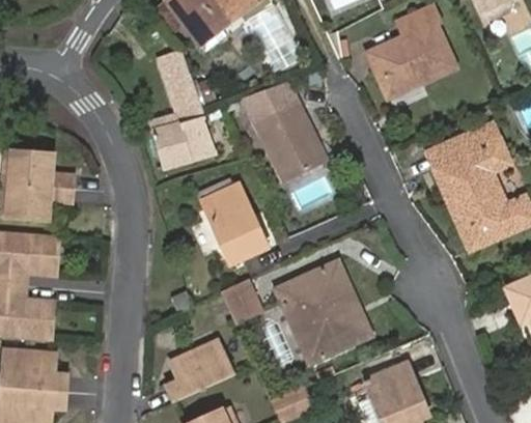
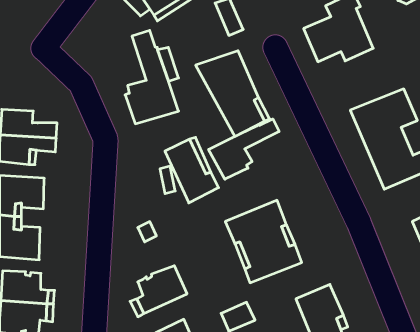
building: none -> [209,119,279,179]
building: [221,279,264,326] -> none

